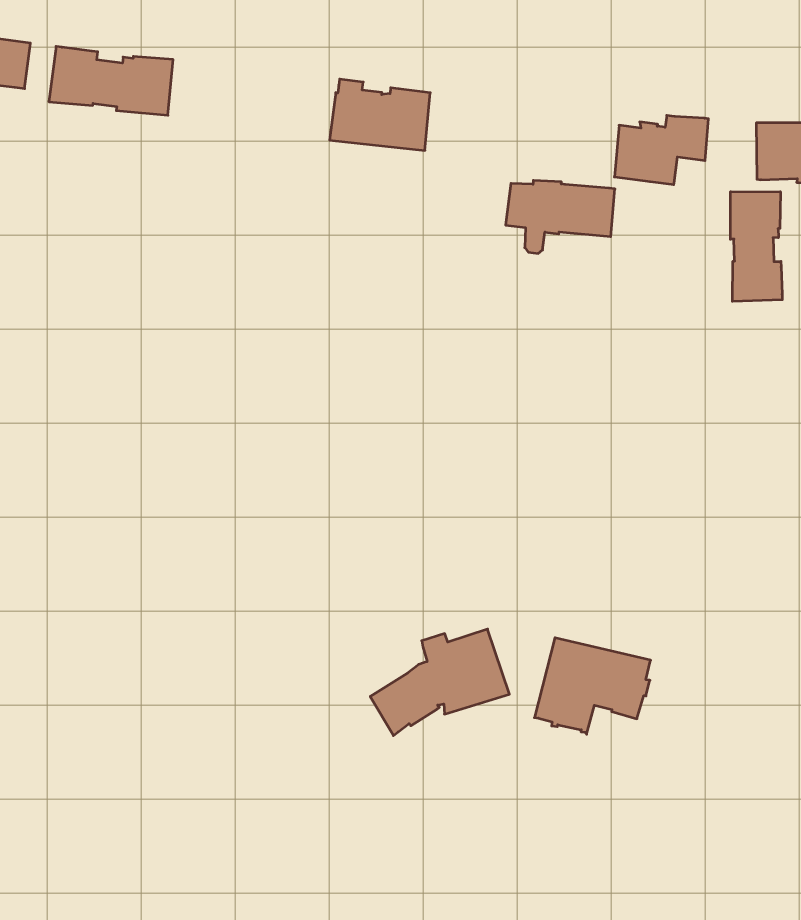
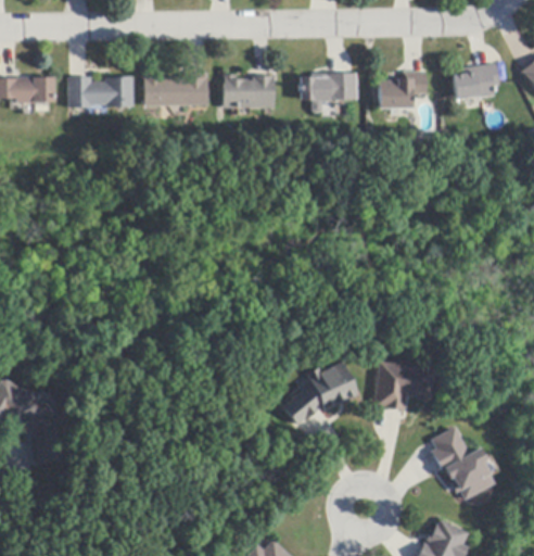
building: none -> [144,73,207,106]
building: [506,180,615,253] -> [300,73,357,113]
building: [730,192,782,301] -> none
building: none -> [430,427,494,500]

